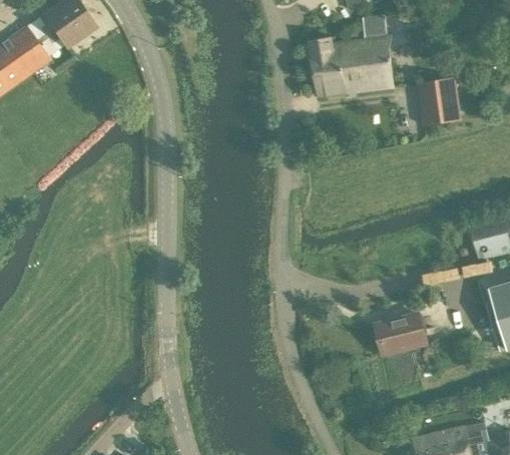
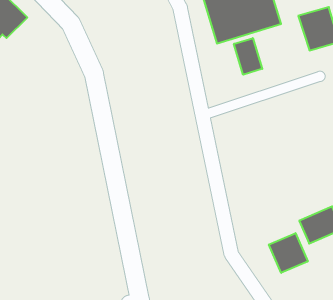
building: none -> [234,38,262,75]
building: none -> [269,233,308,273]

